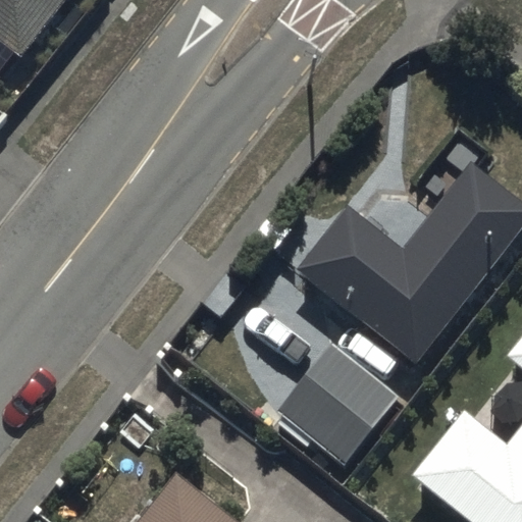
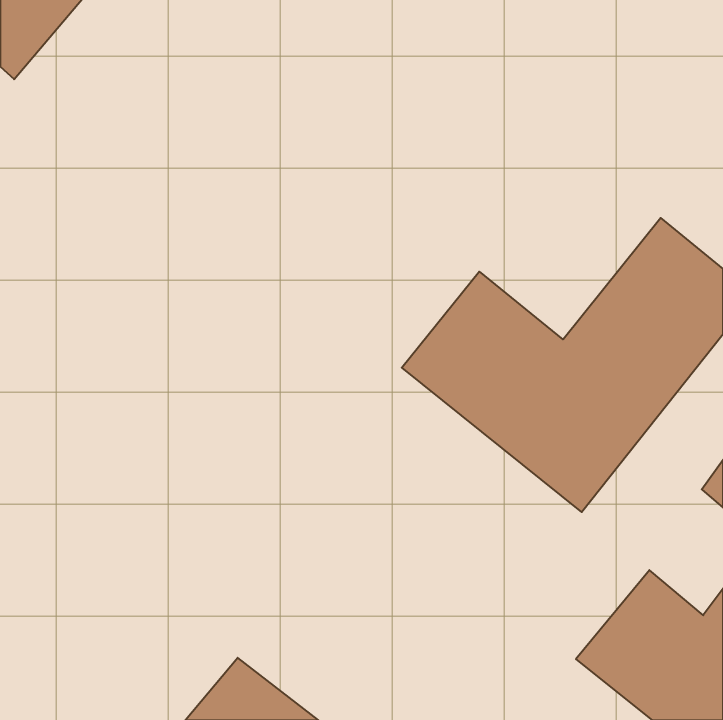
building: [271,337,402,468] -> none

